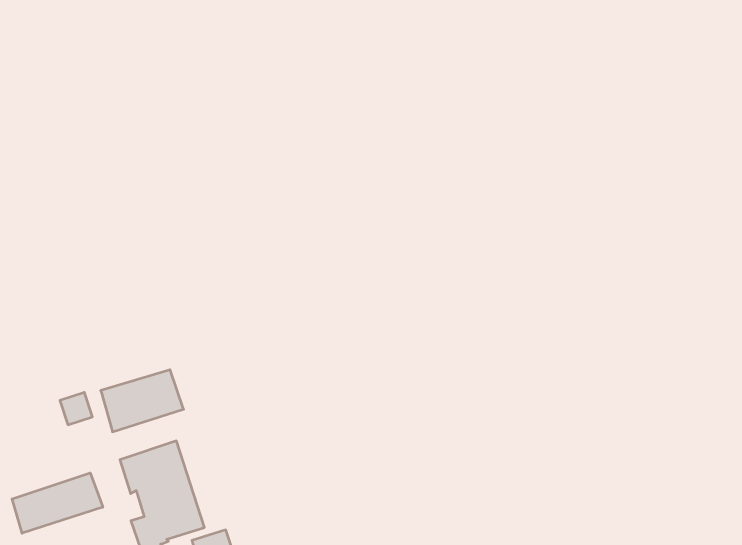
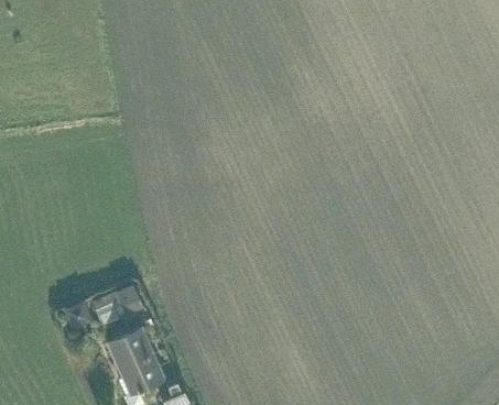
building: [12,473,103,533] -> none

